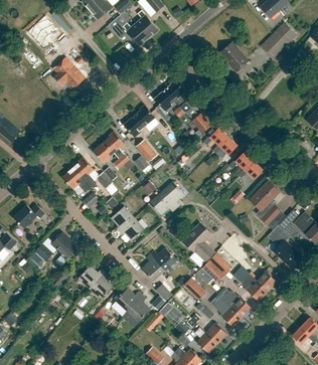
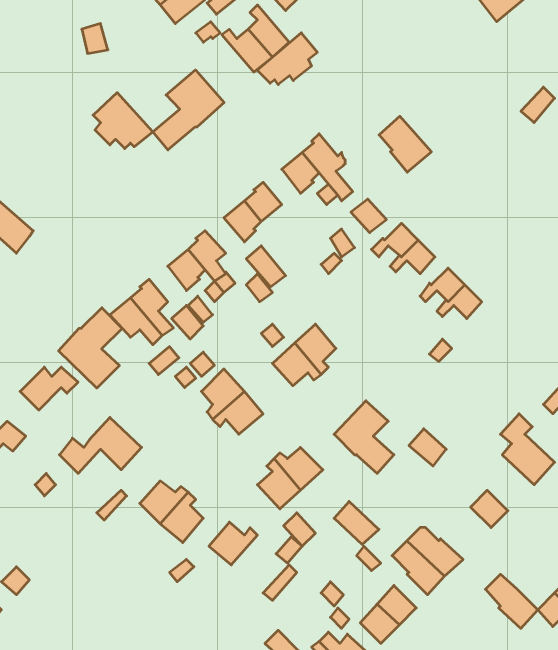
building: [261,21,297,58] -> none
building: none -> [257,33,317,85]
building: [221,41,250,71] -> [379,116,431,172]
building: none -> [153,70,224,150]
building: none -> [59,308,122,388]
building: [250,180,286,229] -> none
building: [203,252,231,282] -> none
building: [240,271,268,301] -> [485,574,538,628]
building: [122,295,151,327] -> none

